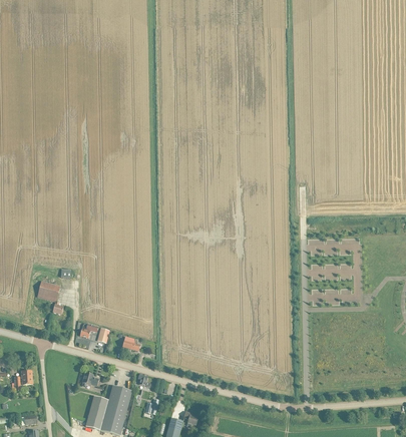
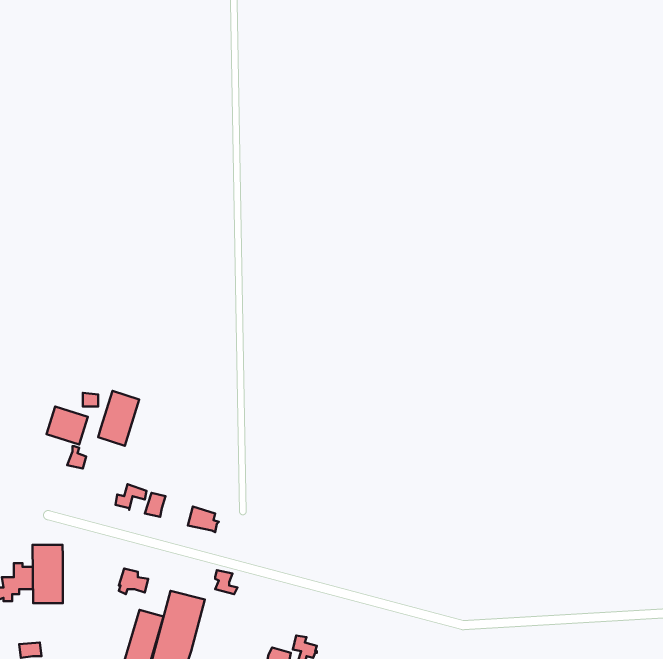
building: none -> [98,391,139,446]
building: none -> [33,545,63,603]

